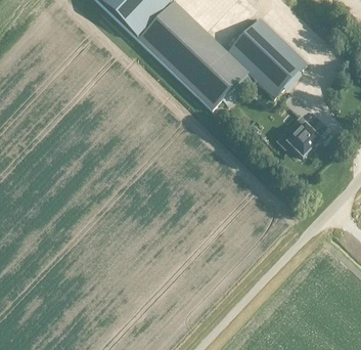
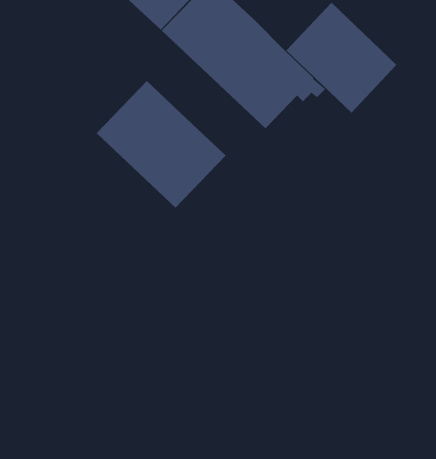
building: none -> [96,80,226,208]
building: [286,116,319,156] -> none

